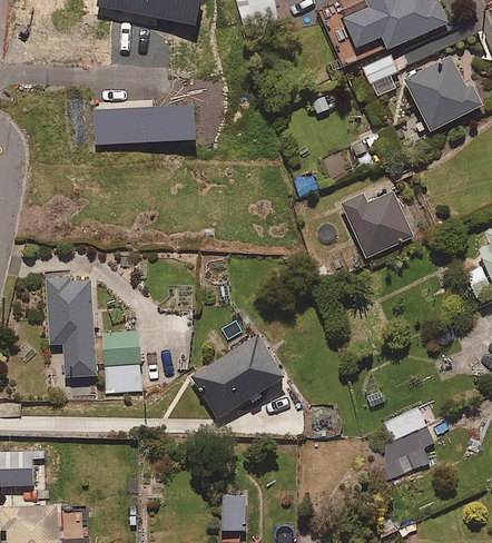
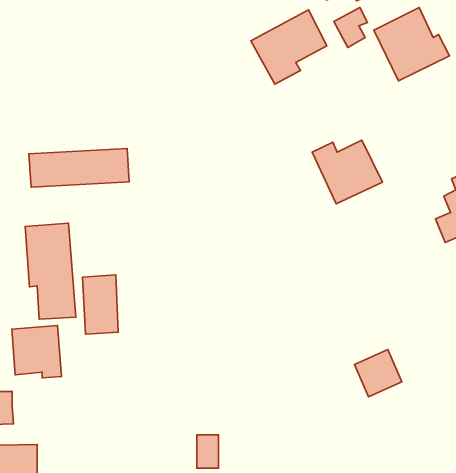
building: none -> [251,10,327,84]
building: [91,105,195,145] -> [29,148,129,187]
building: [189,334,284,418] -> none
building: none -> [12,326,62,378]

